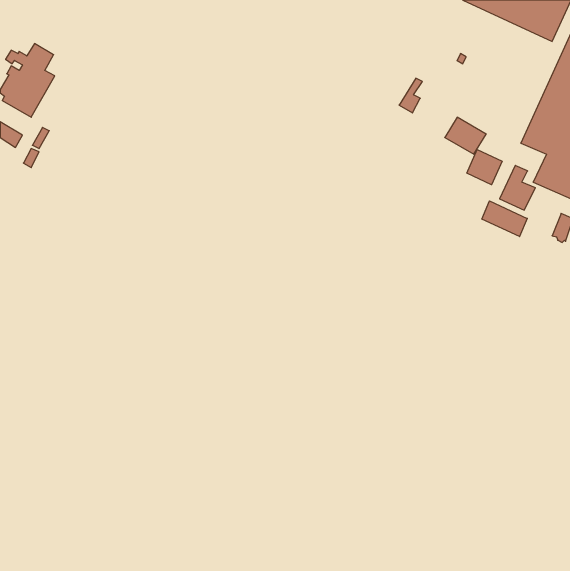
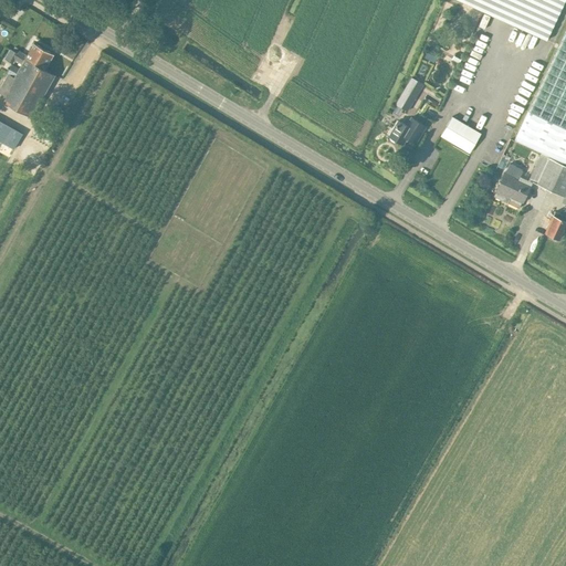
building: none -> [391,116,427,143]
building: [467,150,502,185] -> none
building: [482,201,527,237] -> none

